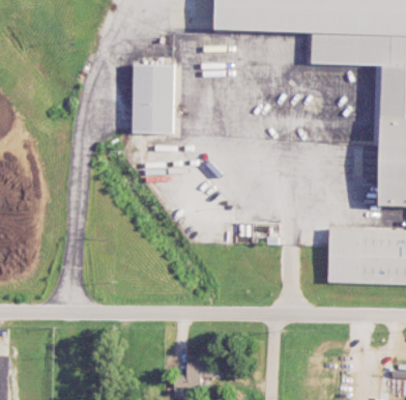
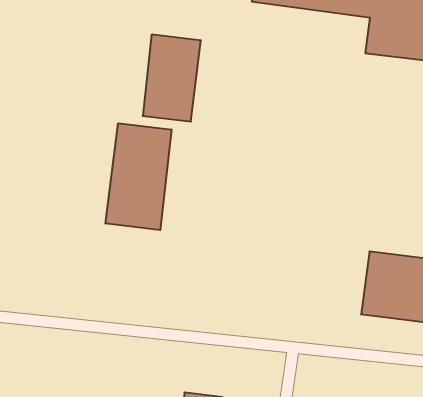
building: none -> [105,123,172,230]

